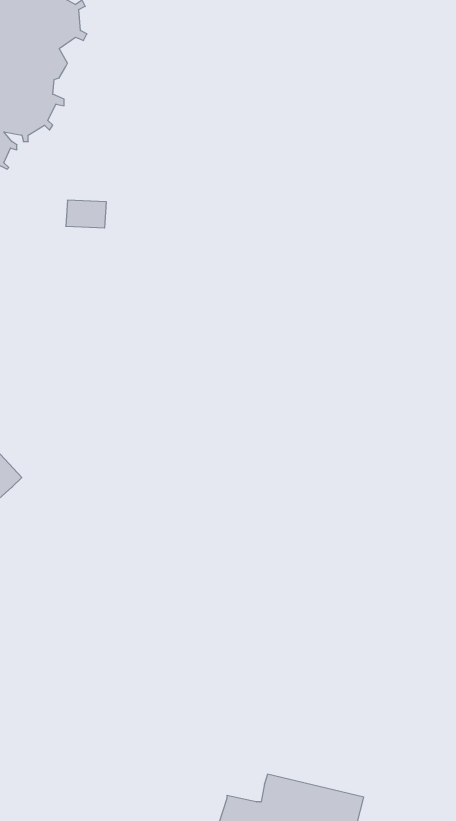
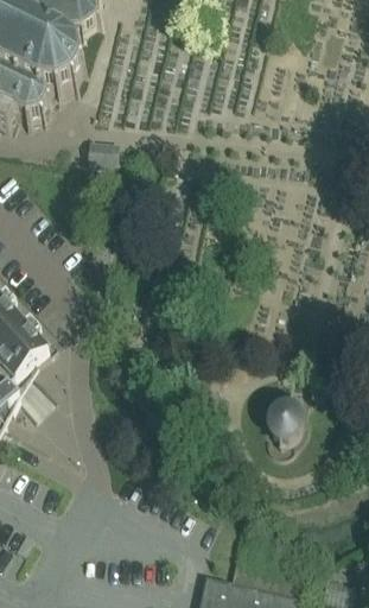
building: none -> [260,398,298,446]

